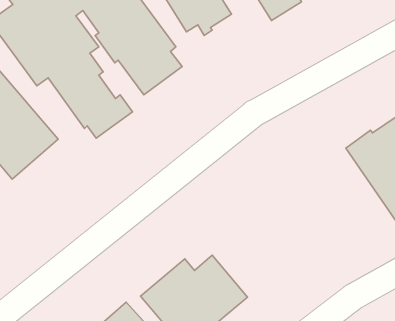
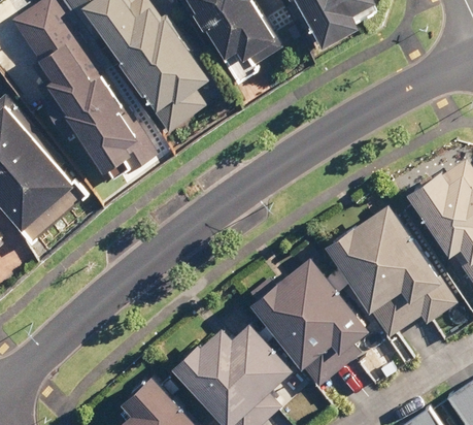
building: none -> [325,203,459,341]
building: none -> [246,256,368,391]

